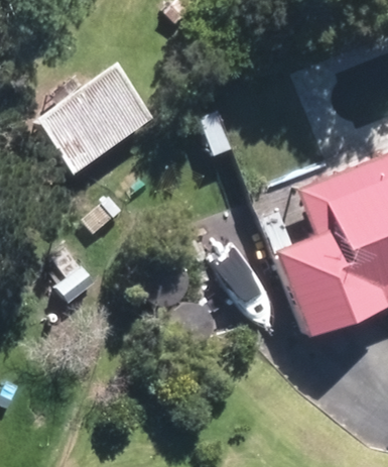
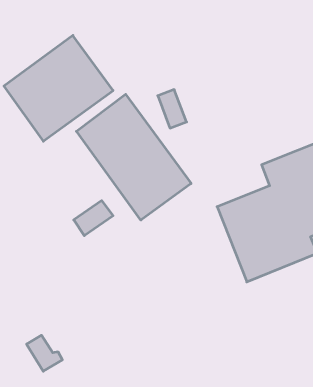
building: none -> [76,94,191,220]

